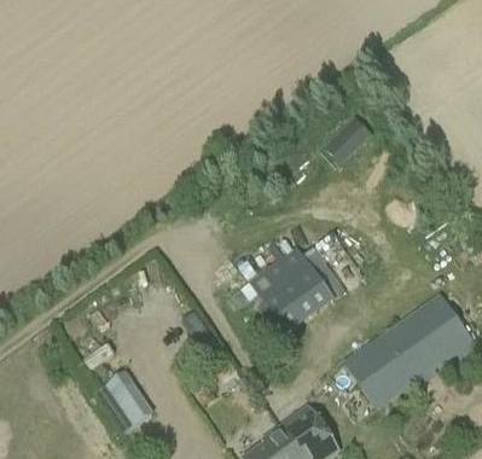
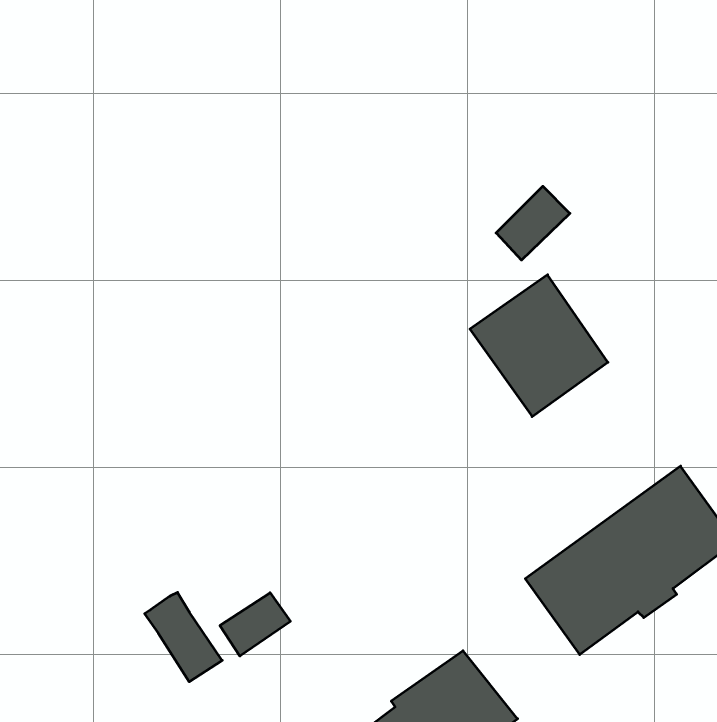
building: [249,245,335,333] -> [470,275,608,417]
building: none -> [220,593,290,656]

